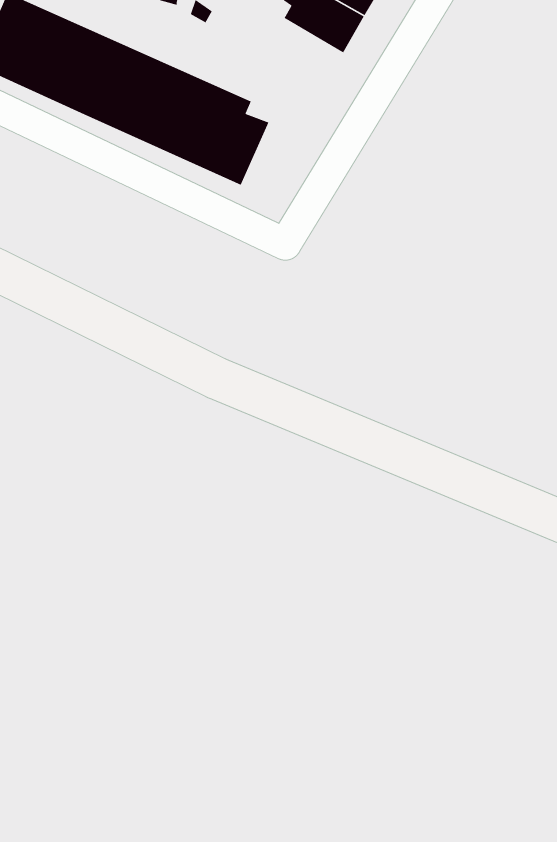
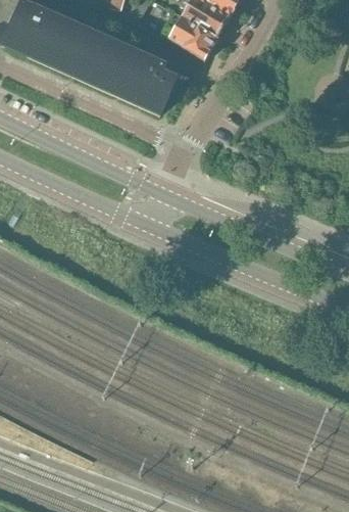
building: none -> [166,10,216,57]

